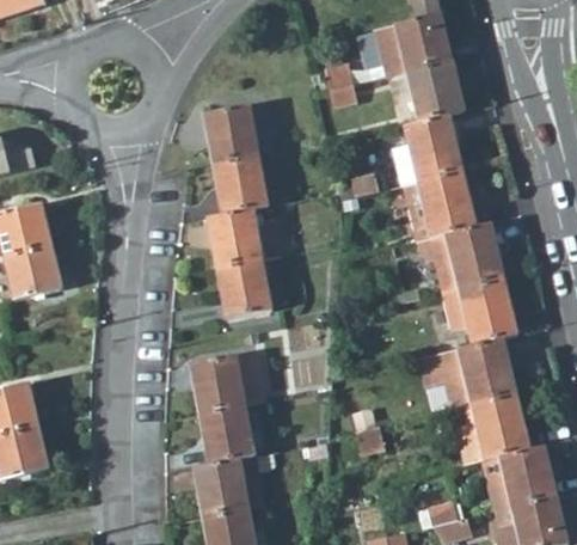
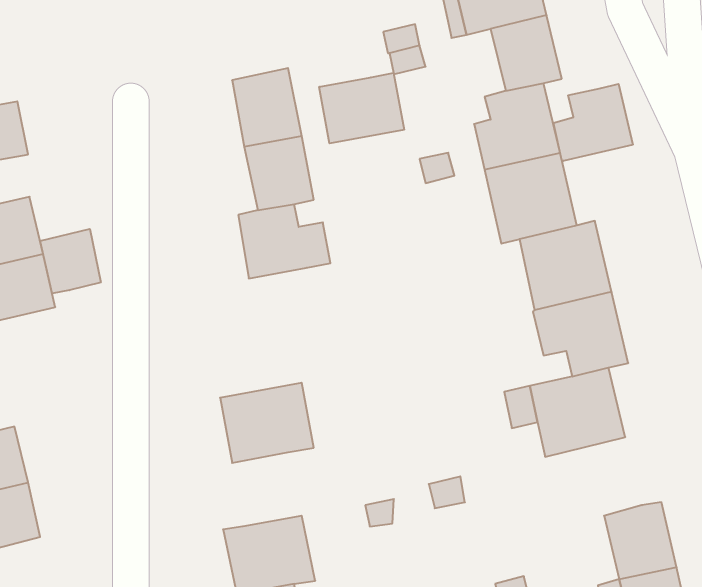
building: none -> [319,73,404,143]
building: none -> [553,84,633,161]
building: none -> [40,229,101,294]
building: [215,259,270,318] -> none
building: [449,393,526,463] -> none
building: [202,405,257,464] -> none

